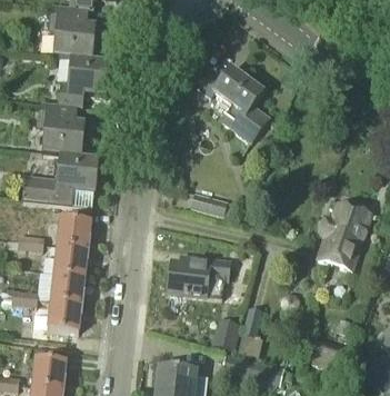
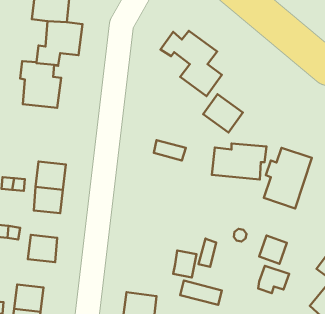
building: none -> [203,94,243,133]
building: [22,151,99,207] -> none
building: [168,257,230,298] -> [212,144,267,180]
building: [51,273,84,304] -> none
building: none -> [259,236,287,264]

